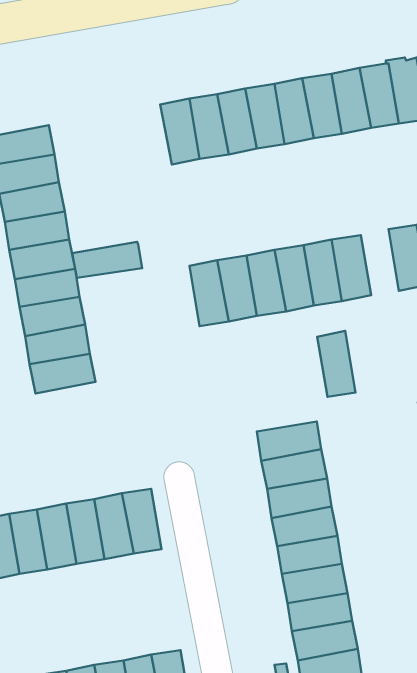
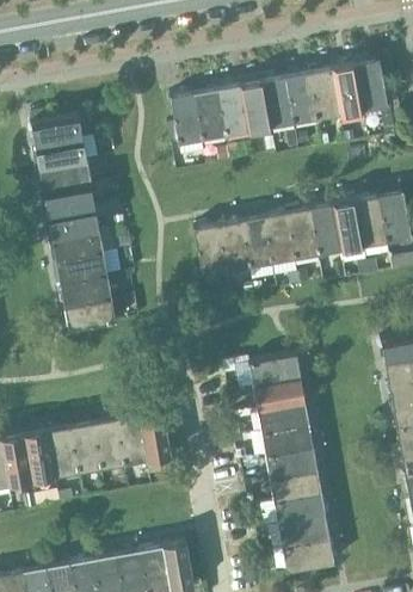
building: [72,242,142,278] -> none
building: [317,331,355,397] -> [333,201,364,254]

